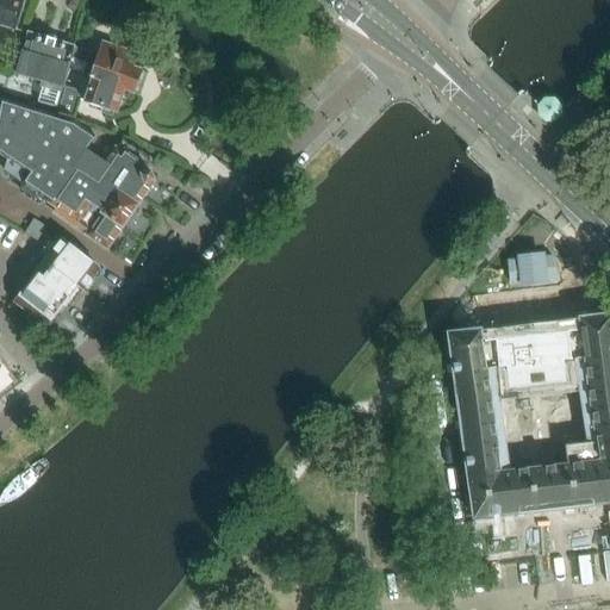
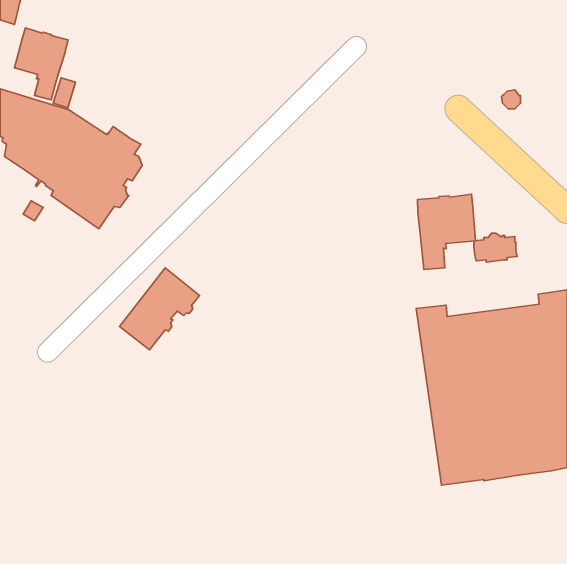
building: [70,41,141,110] -> none
building: none -> [417,194,476,269]
building: [13,236,99,324] -> [120,268,199,350]

